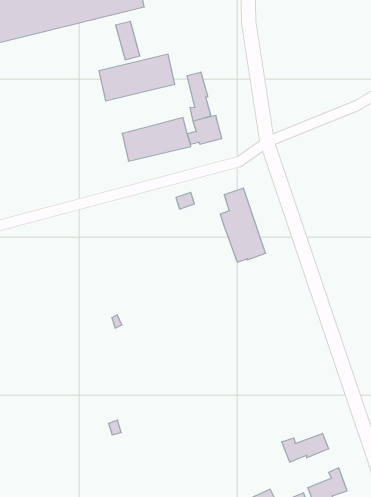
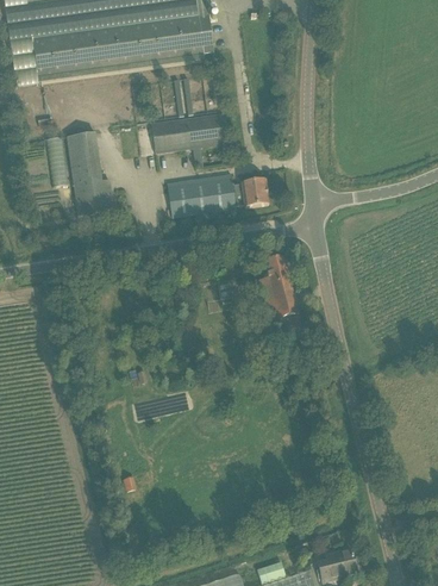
building: [187,72,211,121] -> none
building: none -> [64,127,112,212]
building: [282,433,329,462] -> none

